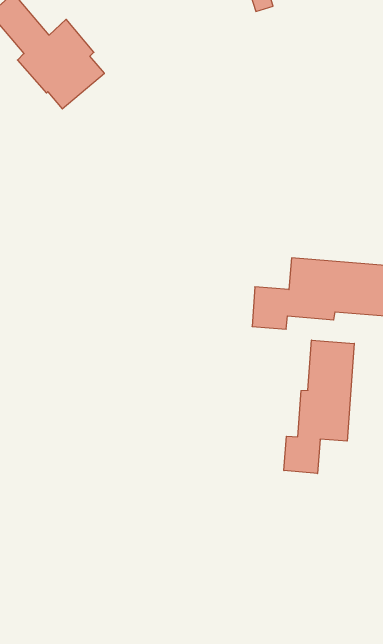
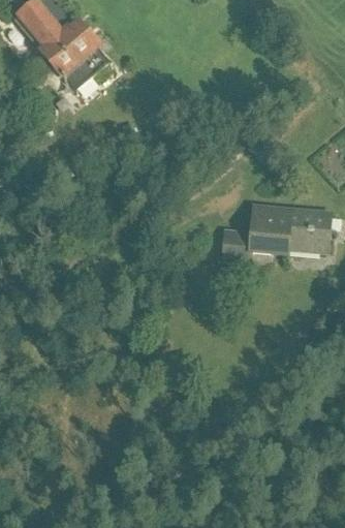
building: [284,340,354,474] -> none

